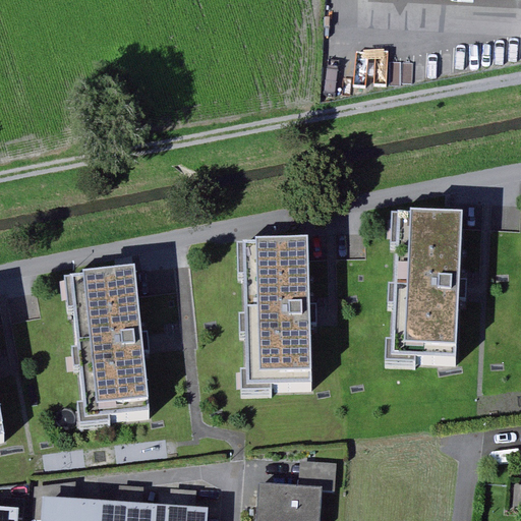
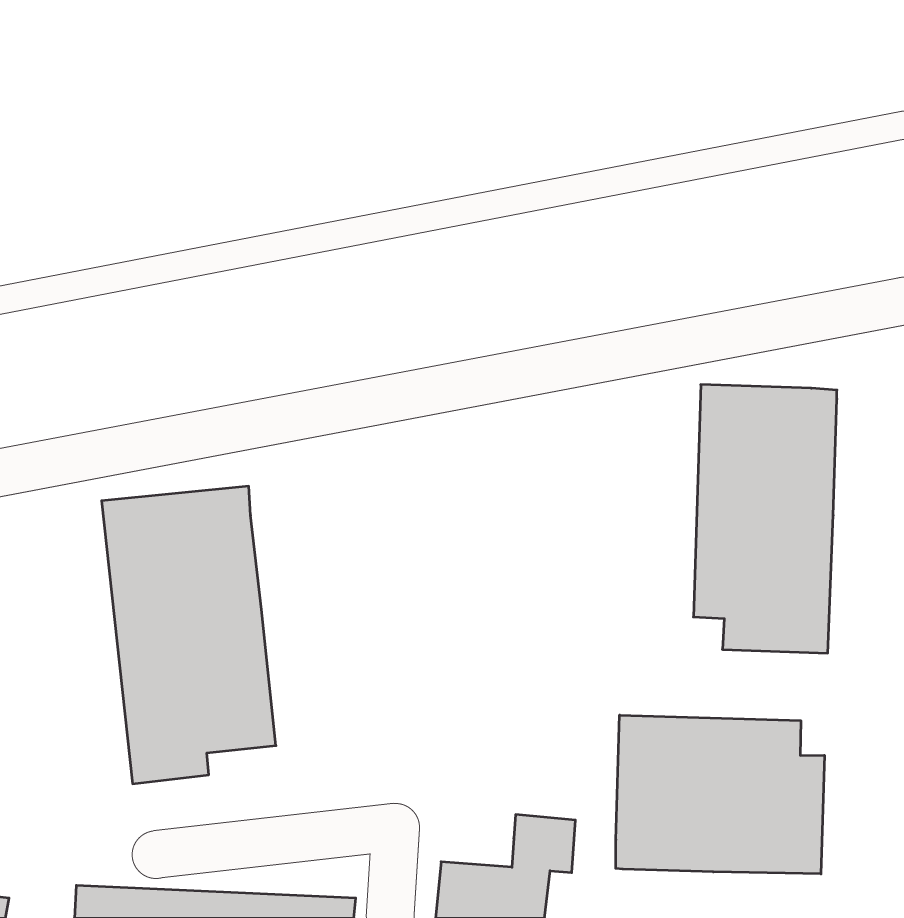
building: [240,242,315,404] -> none
building: none -> [616,715,824,874]

